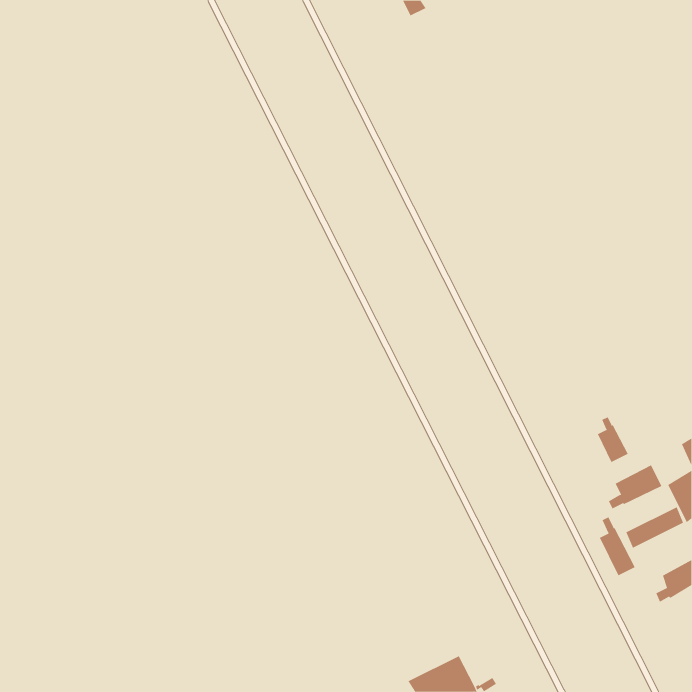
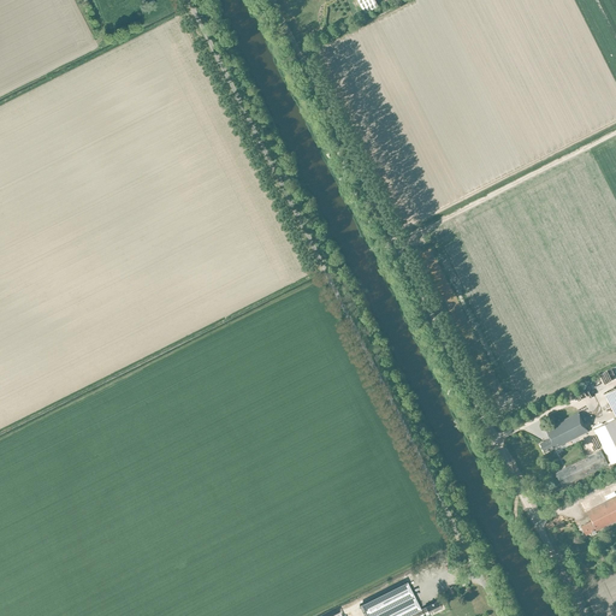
building: [597,416,628,463] -> none
building: [599,516,636,576] -> none

